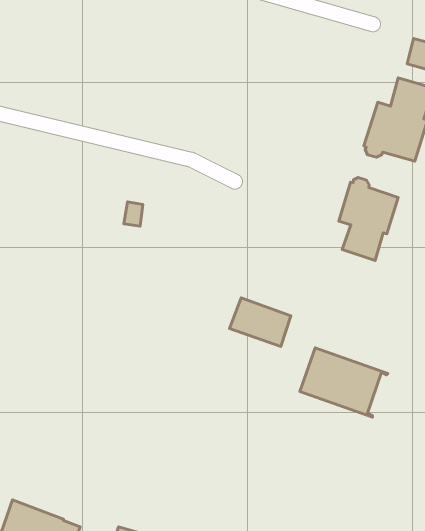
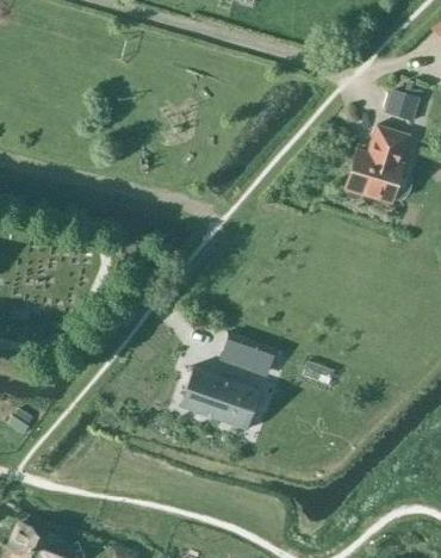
building: [339,177,398,261] -> none
building: [300,348,388,417] -> [181,366,263,430]

